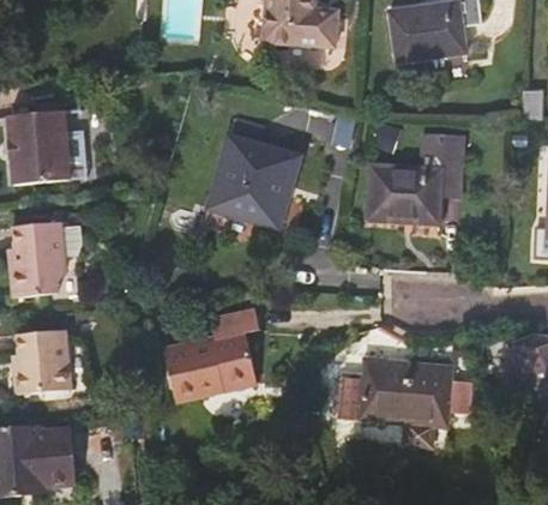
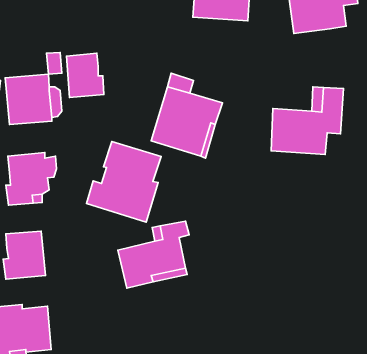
building: none -> [66,53,104,97]
building: none -> [87,142,161,222]
building: [338,359,452,445] -> none

